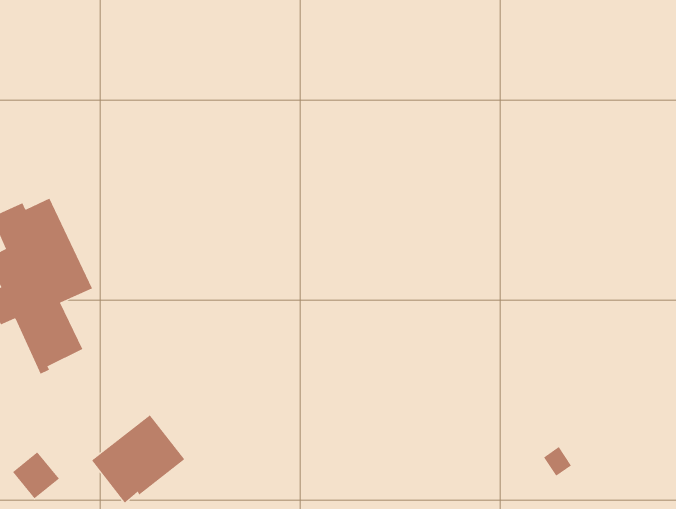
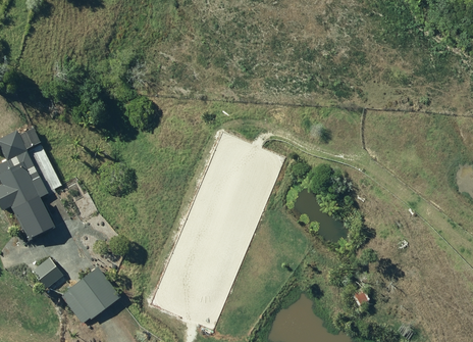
building: [12,452,60,499] -> [32,257,62,288]

